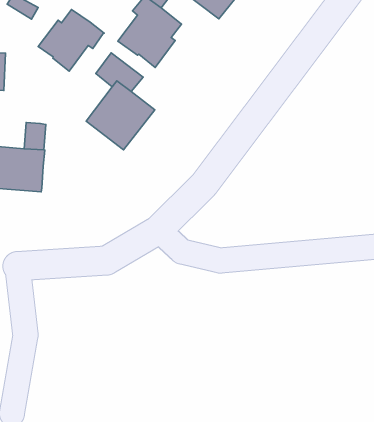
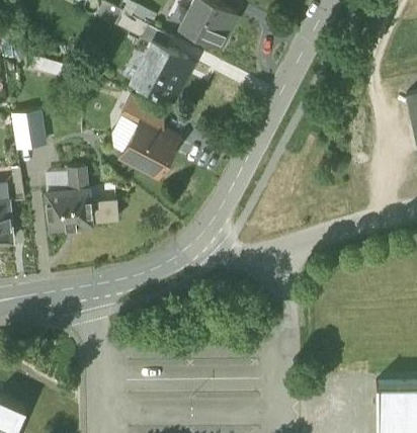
building: [38,9,104,71] -> none
building: none -> [90,200,119,223]

